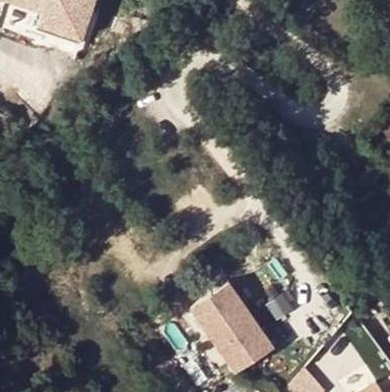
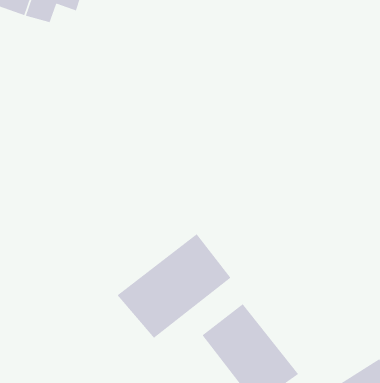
building: none -> [116,233,232,339]

